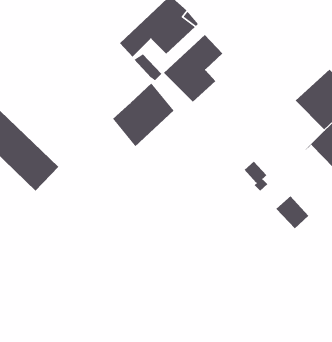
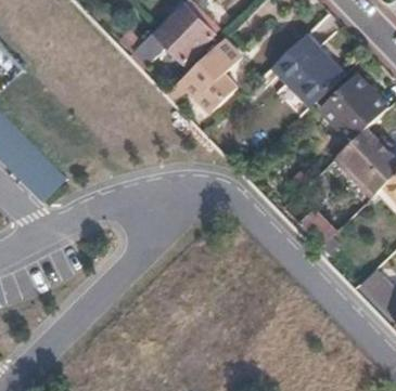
building: none -> [271,35,342,105]
building: [112,82,175,147] -> none

